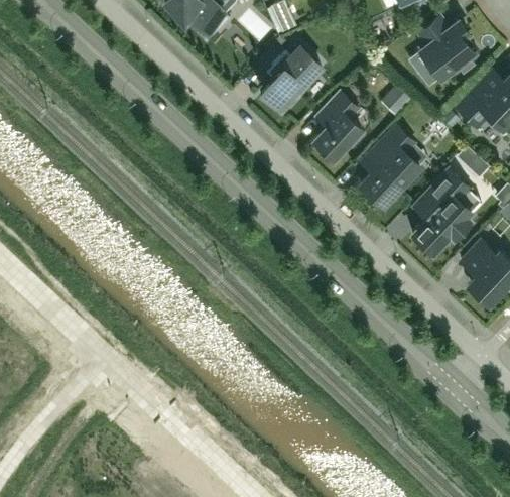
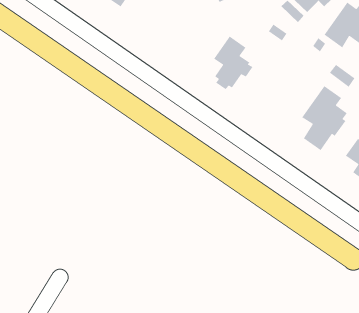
building: [259,47,321,114] -> none
building: [360,128,419,206] -> none

